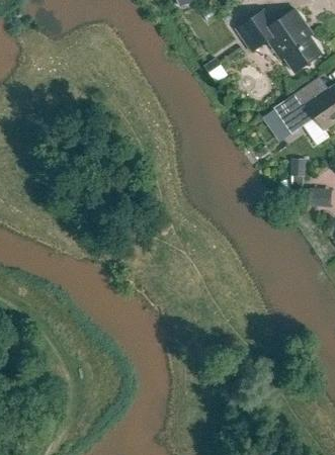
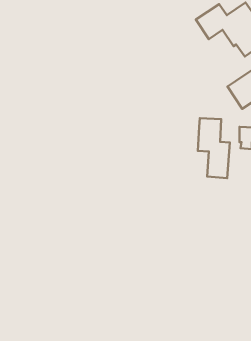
building: none -> [198,118,230,178]

